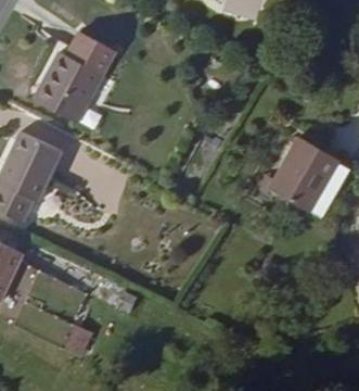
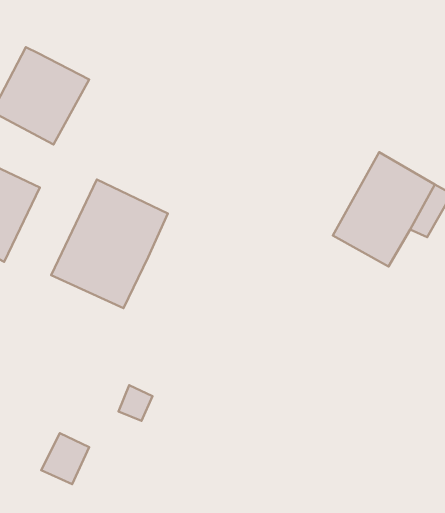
building: [63,33,111,75] -> none
building: none -> [51,180,168,308]

